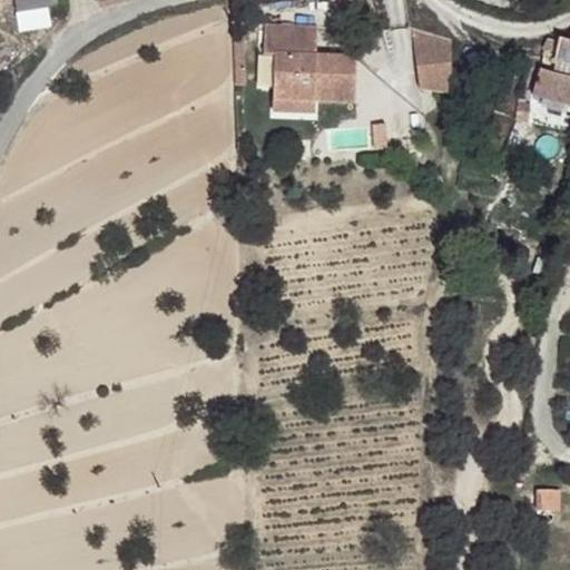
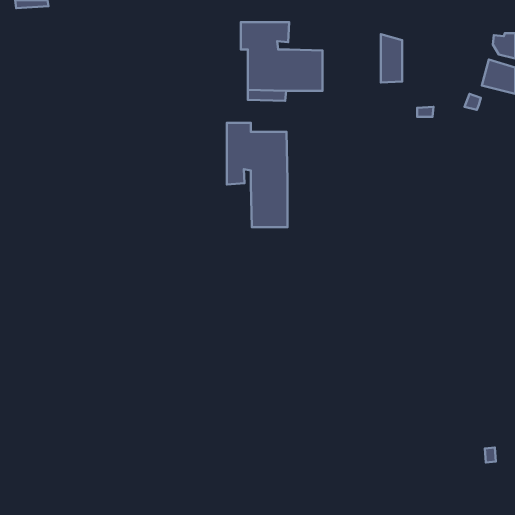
building: none -> [227,123,287,227]

